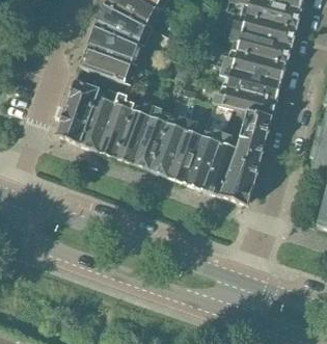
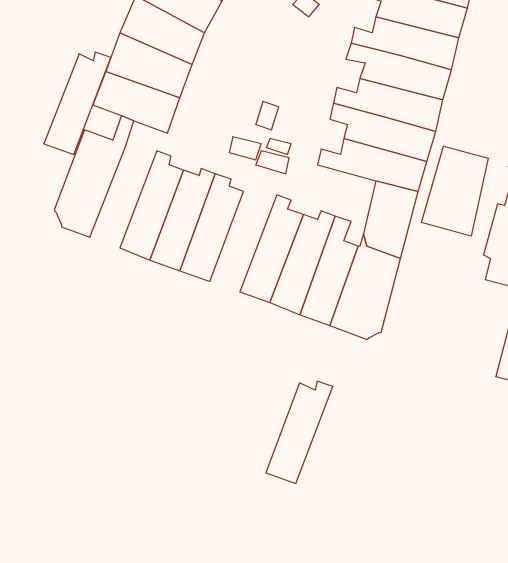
building: [79,87,118,148] -> [44,52,111,154]
building: none -> [422,146,488,236]
building: [149,113,189,174] -> [266,381,333,483]

